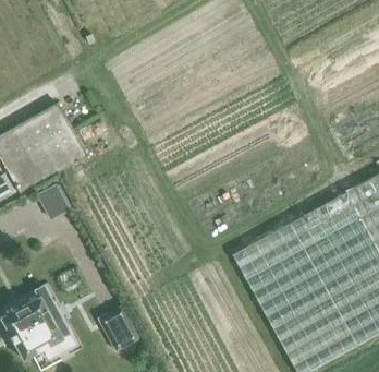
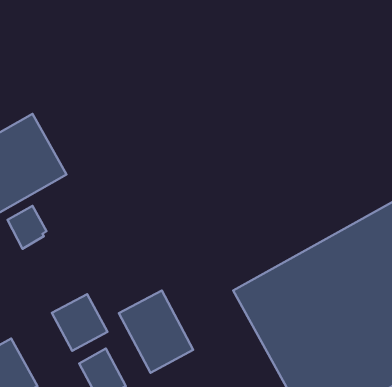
building: none -> [119,290,193,373]
building: none -> [52,294,107,351]

